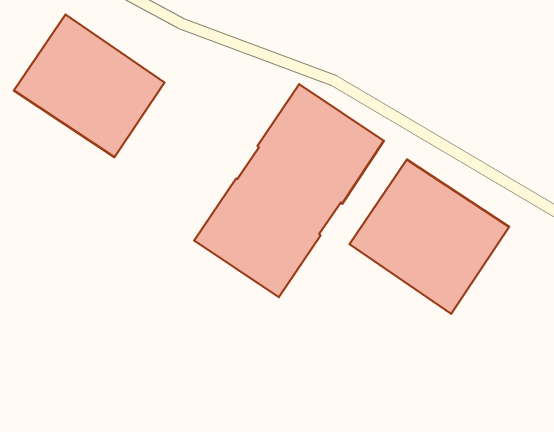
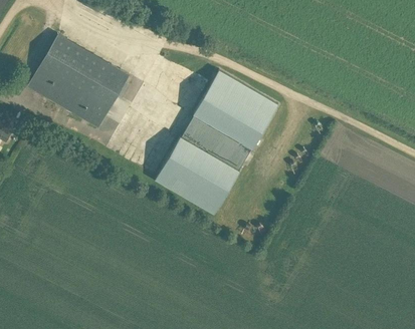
building: [350,160,509,314] -> none

